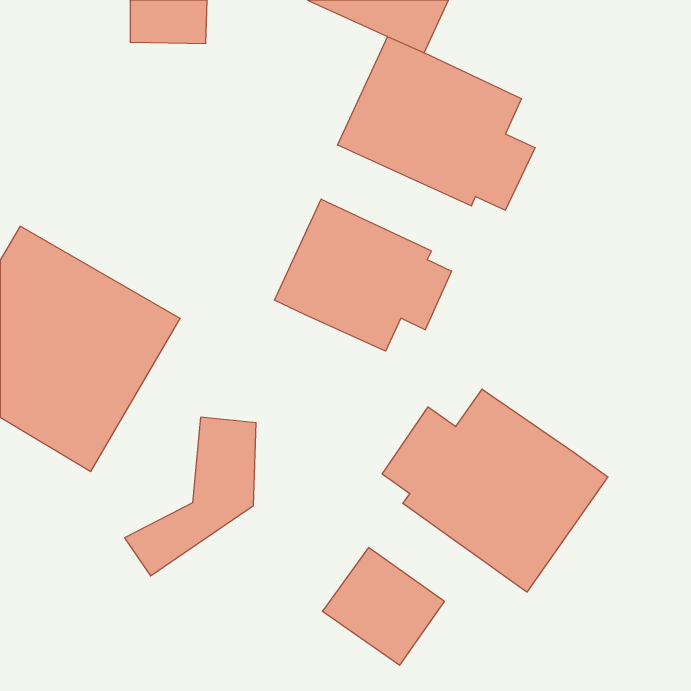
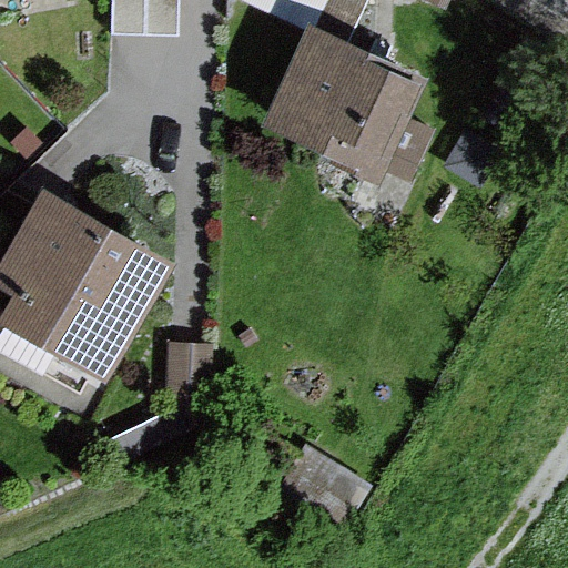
building: [275,199,452,351] -> none
building: [382,389,608,592] -> none

